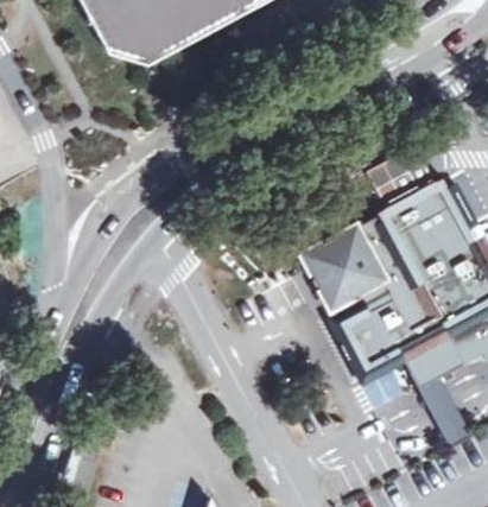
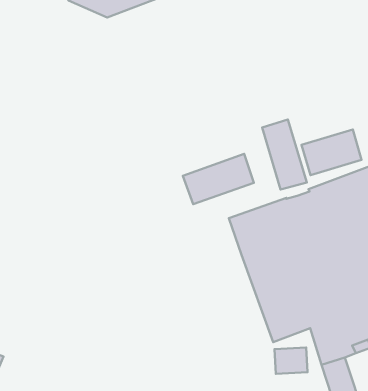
building: none -> [262,119,307,189]
building: none -> [183,154,254,204]

